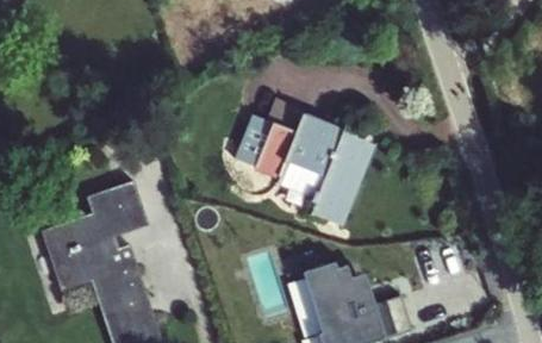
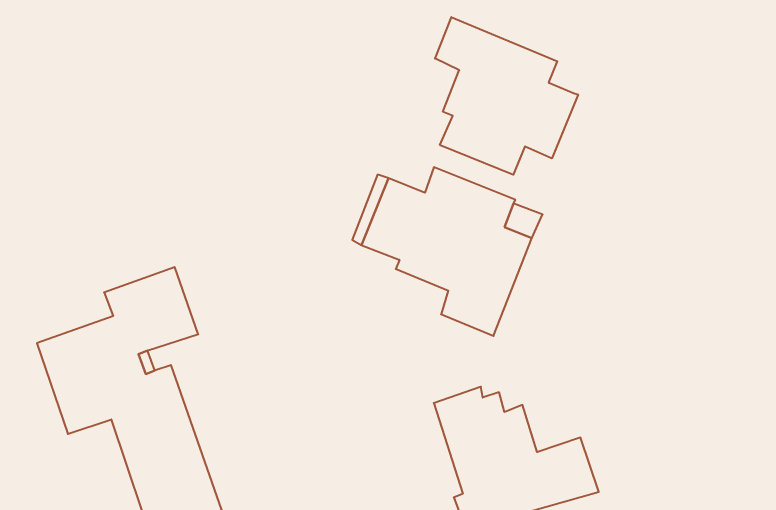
building: none -> [435,17,578,175]

